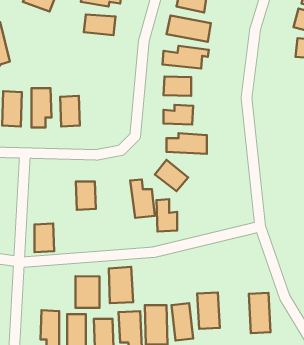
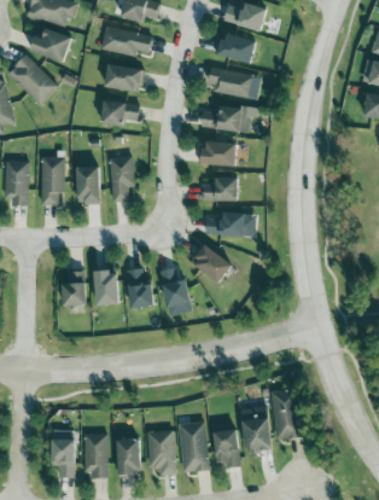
building: none -> [7,54,57,104]
building: none -> [100,100,139,126]
building: none -> [109,156,133,202]
building: [156,199,177,231] -> [127,268,152,308]
building: [34,224,54,252] -> [62,271,86,306]
building: [109,267,133,303] -> none
building: [76,276,100,308] -> none
building: [249,293,270,333] -> [270,389,297,438]

